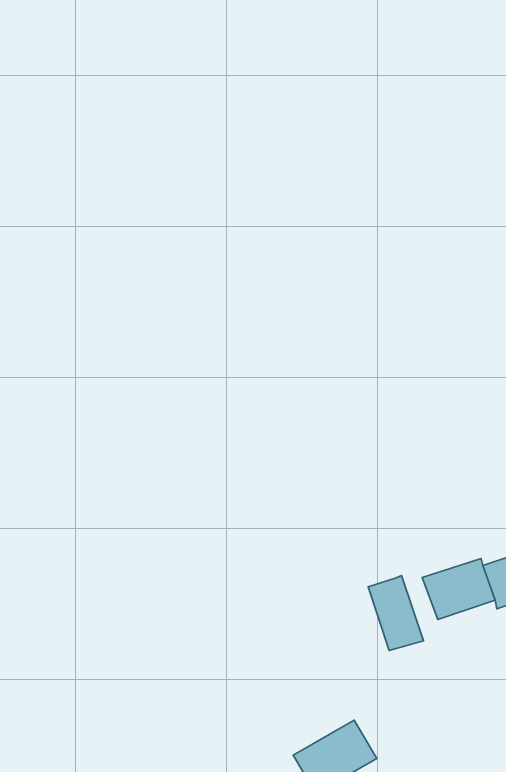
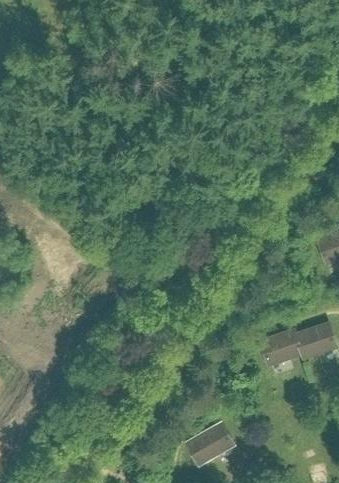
building: [368,576,424,650] -> none

